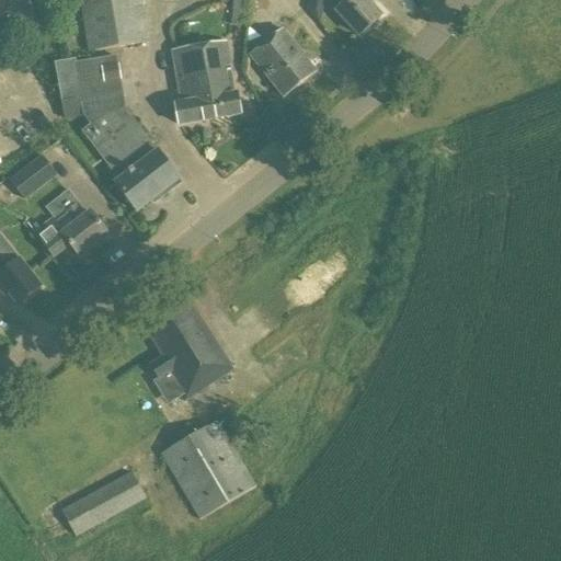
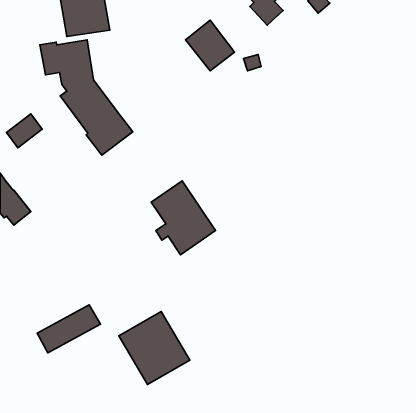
building: [171,38,241,124] -> none
building: [35,187,108,255] -> none
building: [145,297,231,397] -> [151,181,215,255]
building: [61,470,147,535] -> [37,305,101,353]

